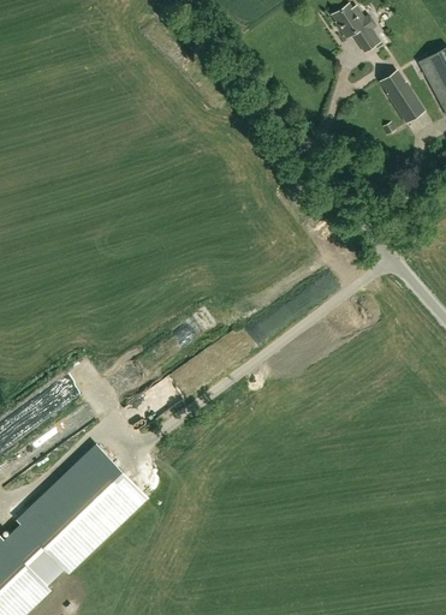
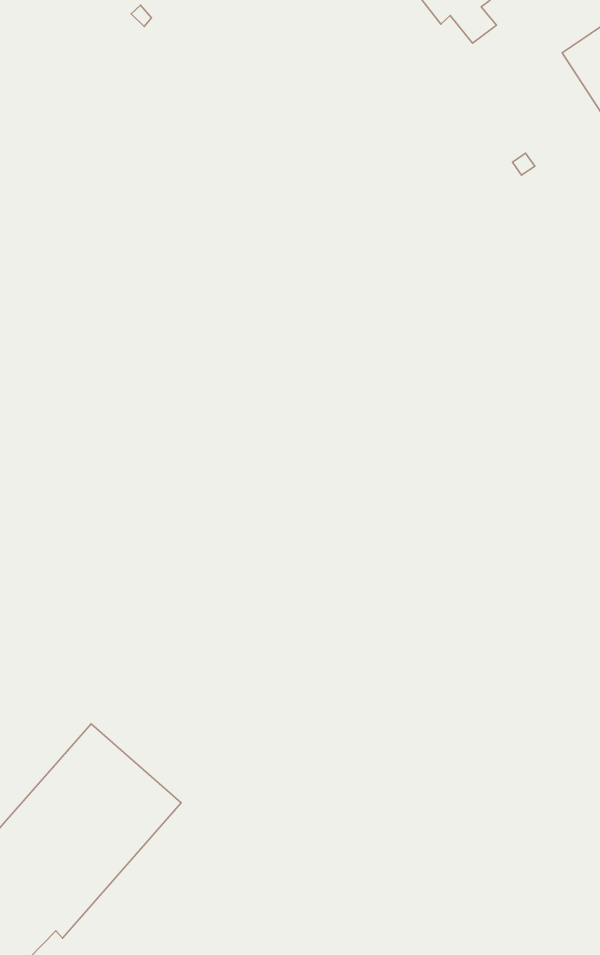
building: [388,82,424,123] -> none

